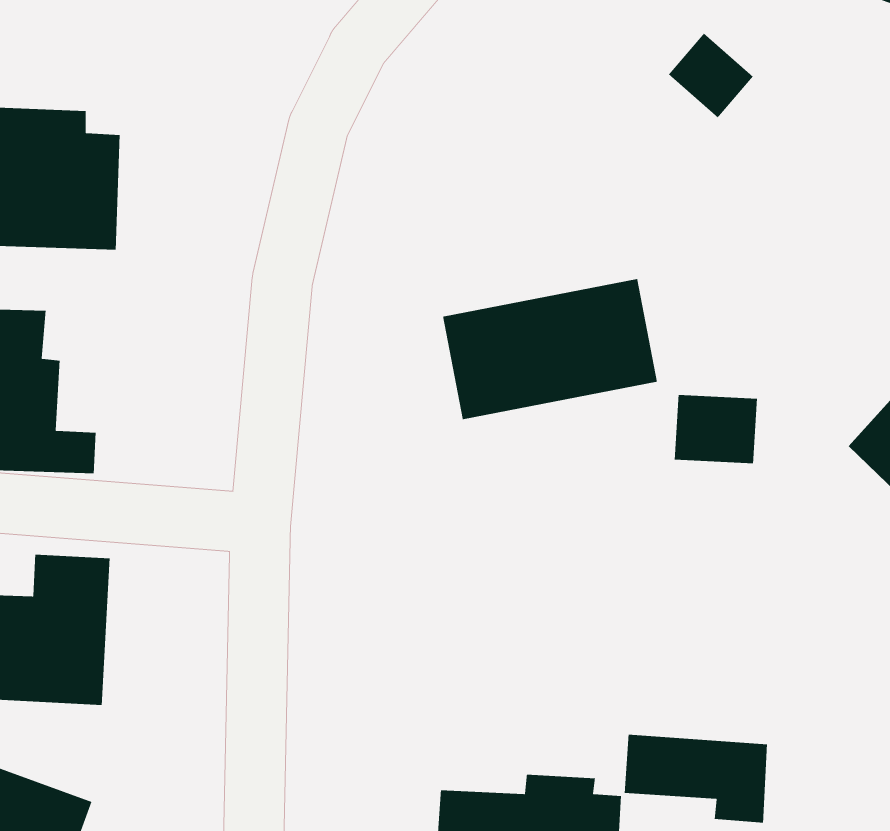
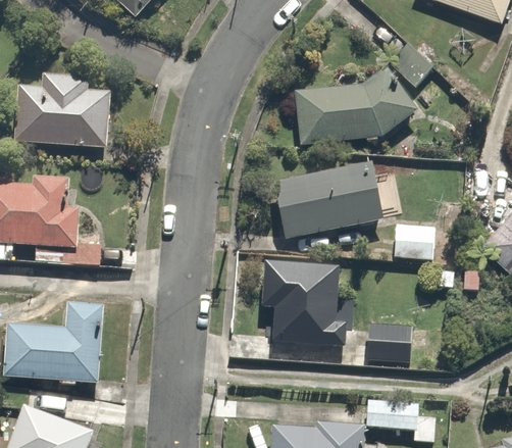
building: none -> [294,63,415,139]
building: none -> [261,257,346,343]
building: none -> [368,320,412,361]

